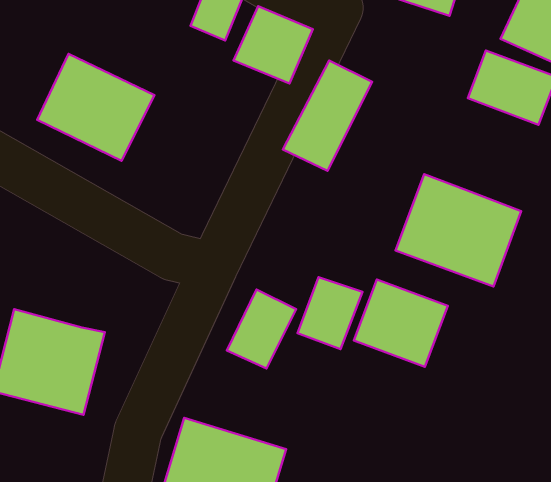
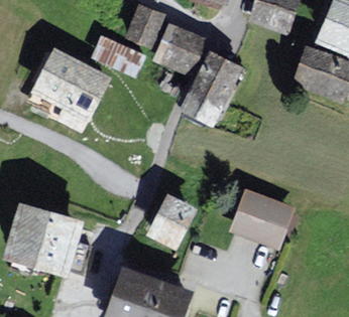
building: none -> [93,35,141,72]
building: [396,174,521,286] -> none
building: [298,277,362,349] -> none

